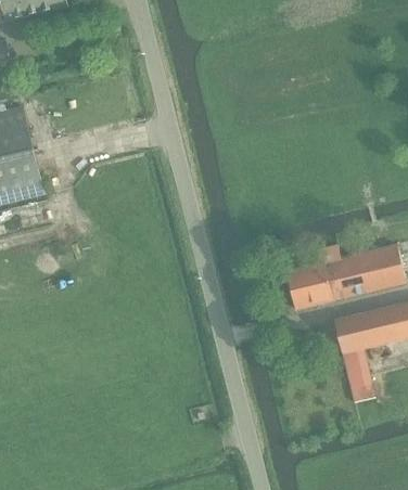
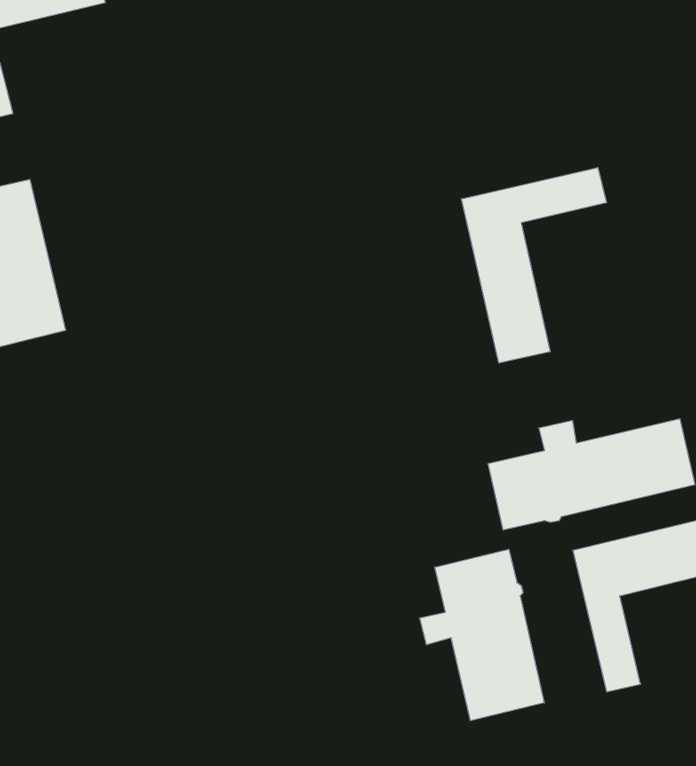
building: none -> [461,167,607,363]
building: none -> [420,549,544,721]

